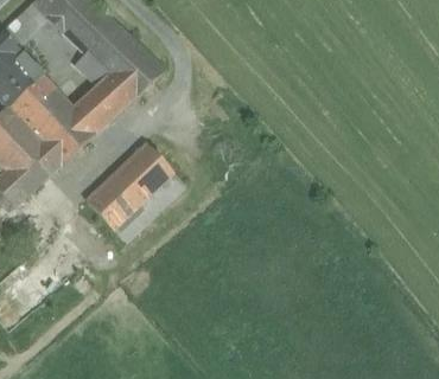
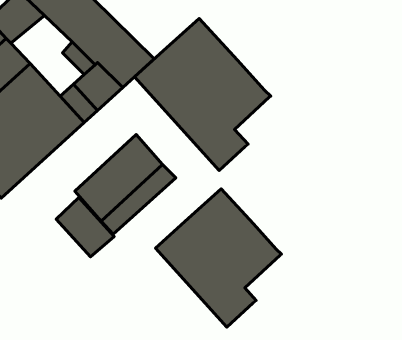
building: none -> [134,19,271,170]
building: none -> [156,189,282,327]
building: none -> [56,198,114,257]

